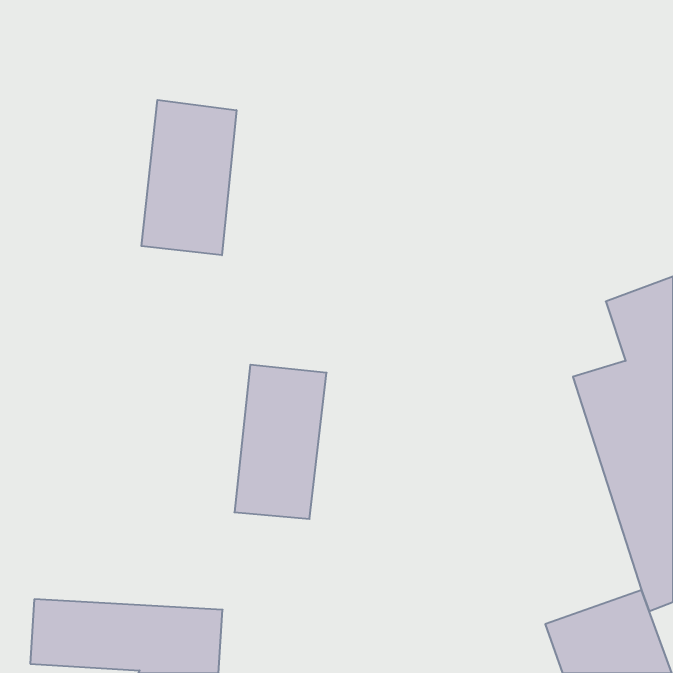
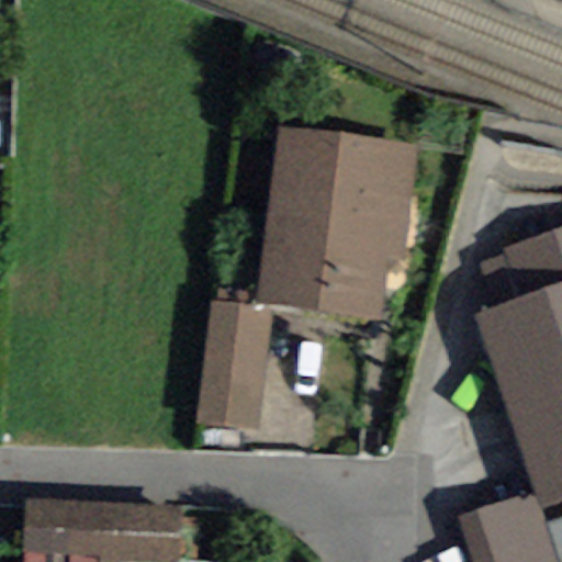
building: [141,100,236,255] -> none
building: none -> [261,131,418,312]

